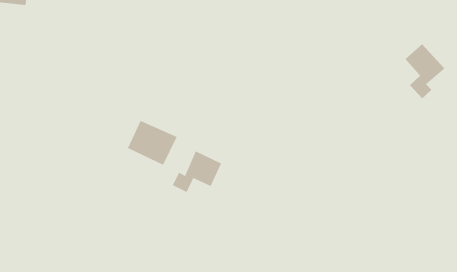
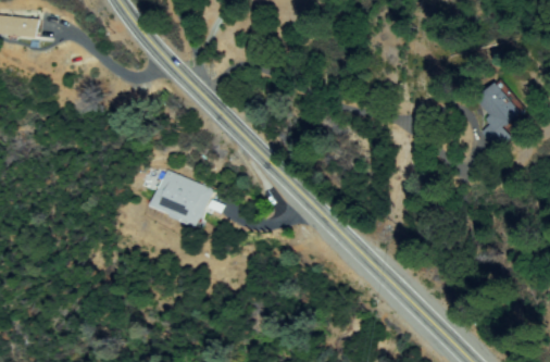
building: [172,151,222,193] -> none

